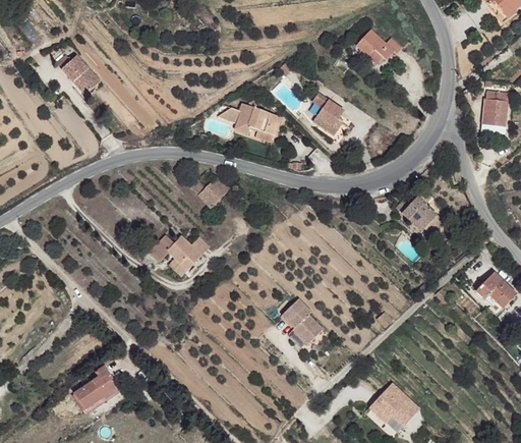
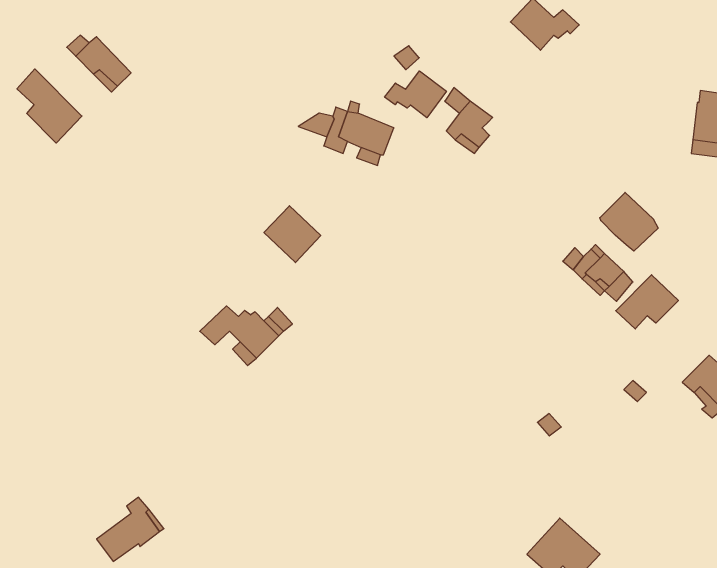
building: none -> [17,69,82,143]
building: none -> [385,71,446,118]
building: none -> [600,192,658,251]
building: none -> [616,275,678,329]
building: [282,298,323,344] -> none

